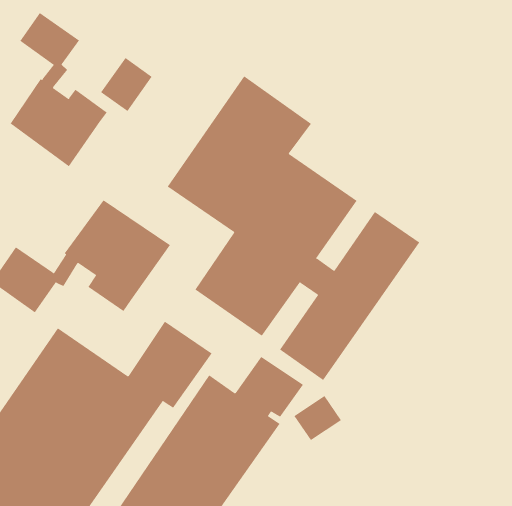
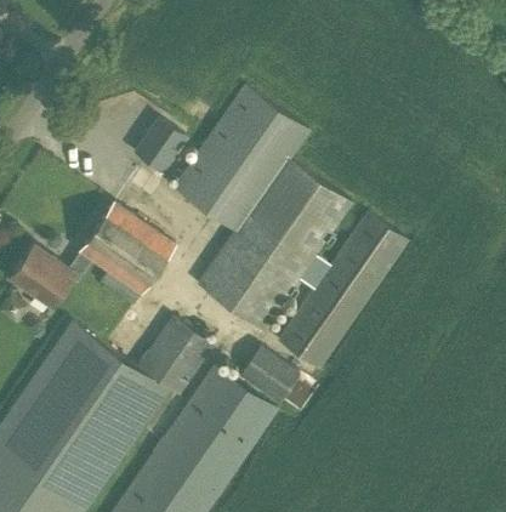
building: [10,12,108,167] -> none
building: [100,57,152,112] -> [135,119,183,170]

